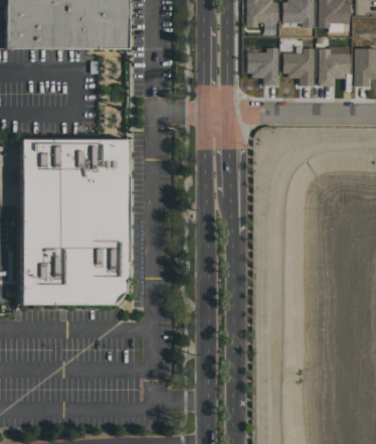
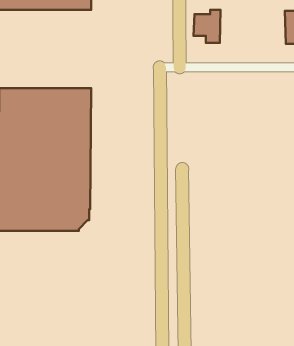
building: [318,48,350,88] -> none
building: [283,49,314,87] -> none

